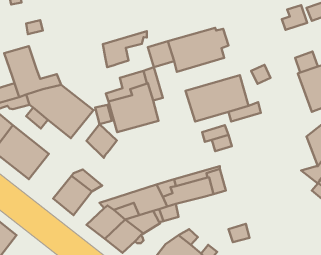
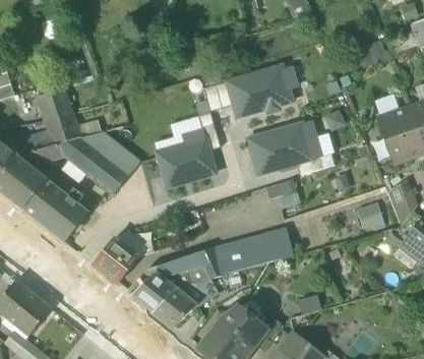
building: [103,31,147,67] -> none
building: [87,124,117,158] -> none
building: none -> [355,201,384,230]

